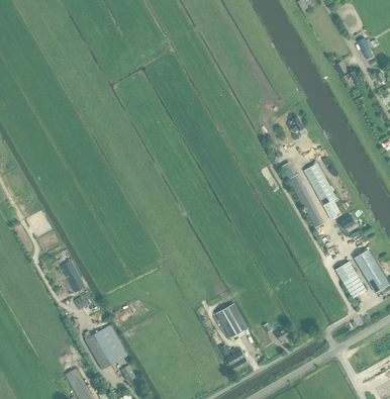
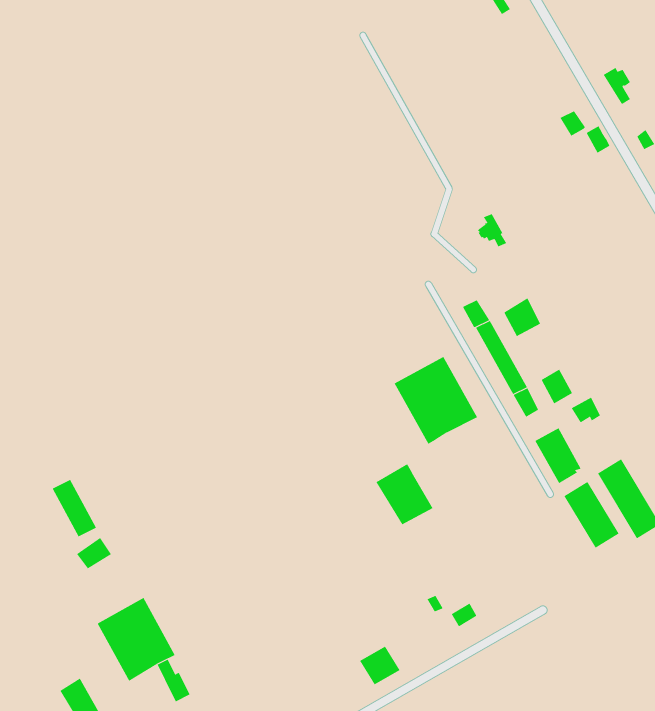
building: [310,176,335,206] -> [535,428,581,484]
building: none -> [394,356,478,445]
building: [215,302,247,335] -> [375,463,434,525]

